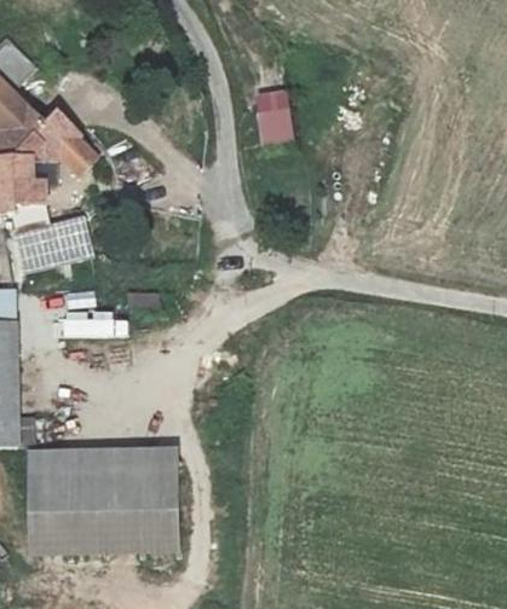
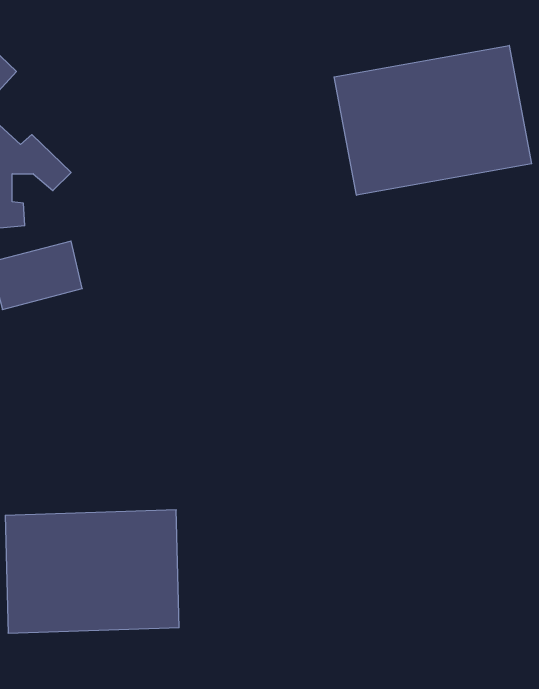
building: none -> [334,45,532,195]
building: [255,88,294,140] -> none

